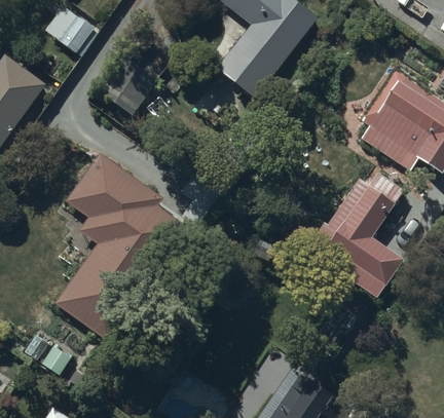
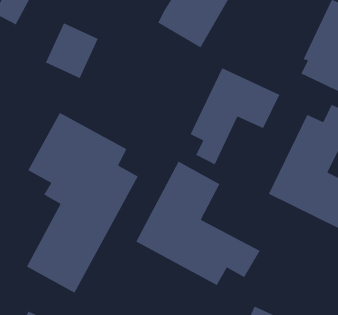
building: none -> [190,67,281,166]
building: none -> [135,161,261,286]

